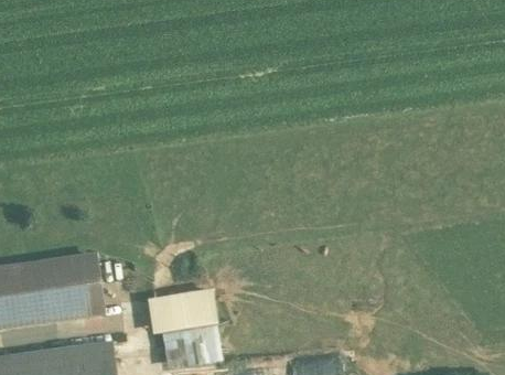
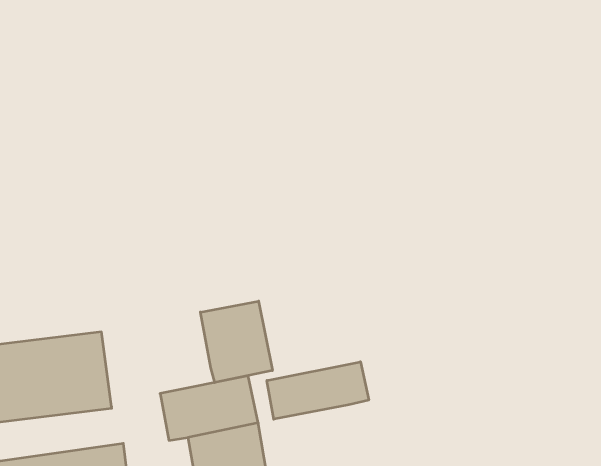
building: none -> [200,301,272,383]
building: none -> [267,362,369,419]

